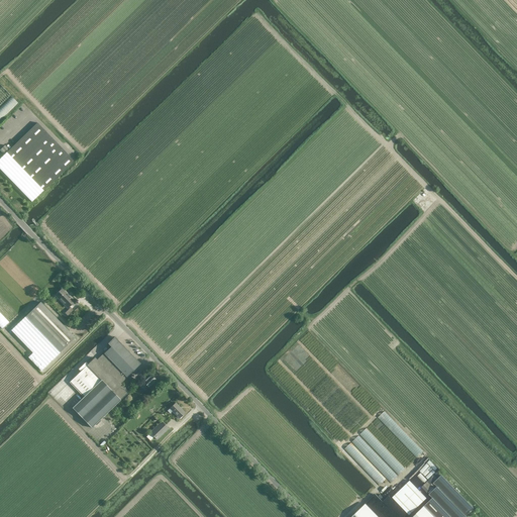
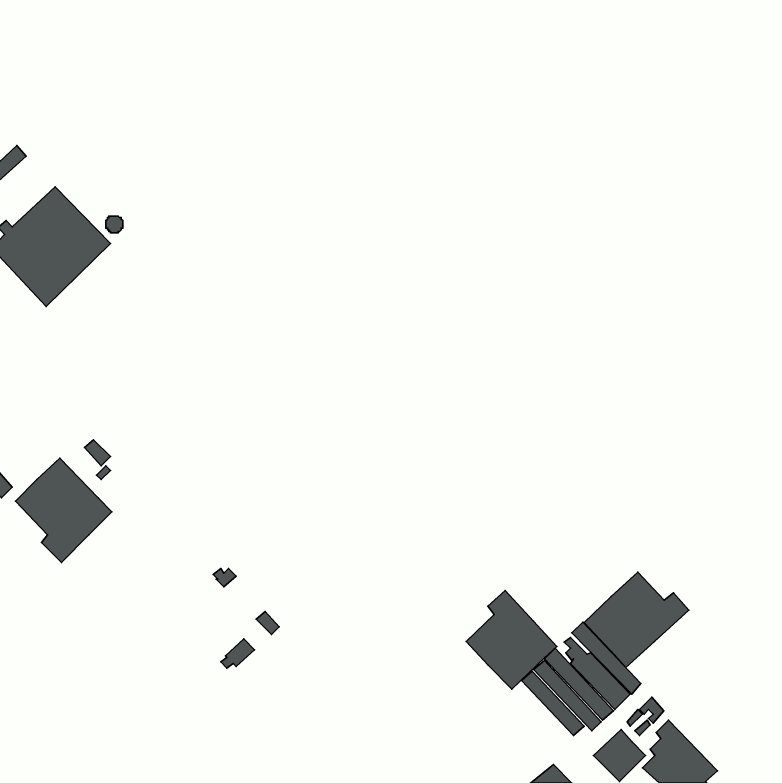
building: [68,337,139,428] -> none
building: none -> [584,572,689,667]
building: none -> [466,590,557,689]

